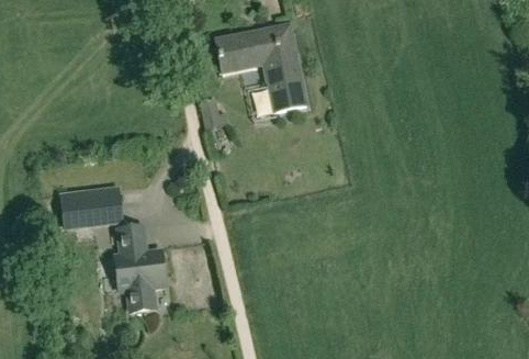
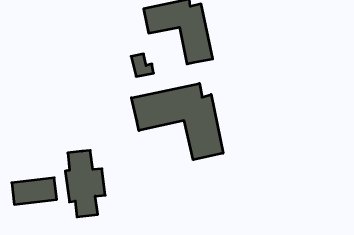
building: none -> [131,83,223,160]
building: [56,189,115,224] -> [12,178,57,204]

